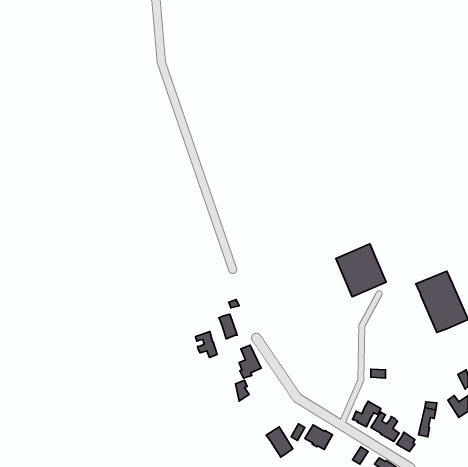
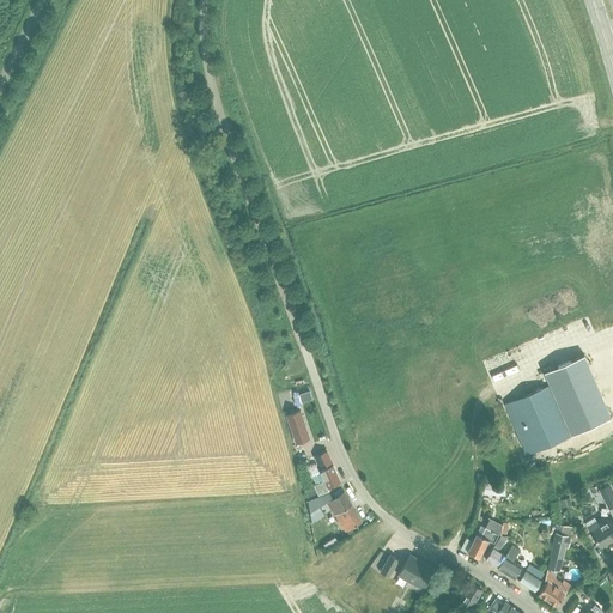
building: [336,244,386,297] -> [505,386,571,455]
building: [195,331,217,357] -> none
building: [266,427,293,457] -> [327,493,362,533]
building: none -> [539,571,569,607]

